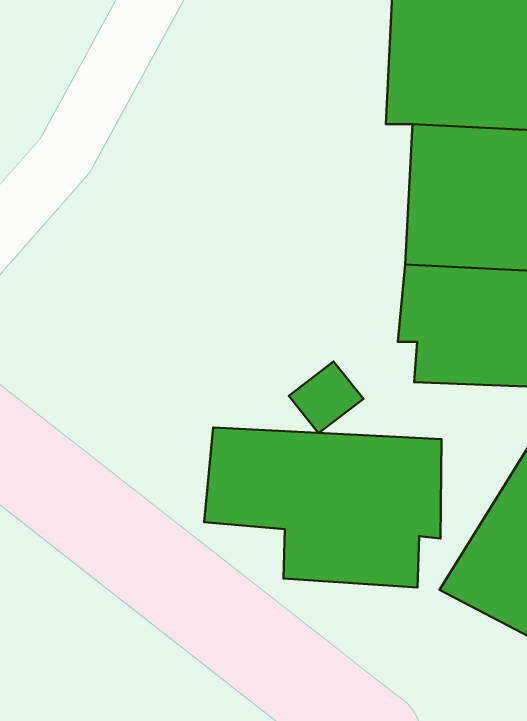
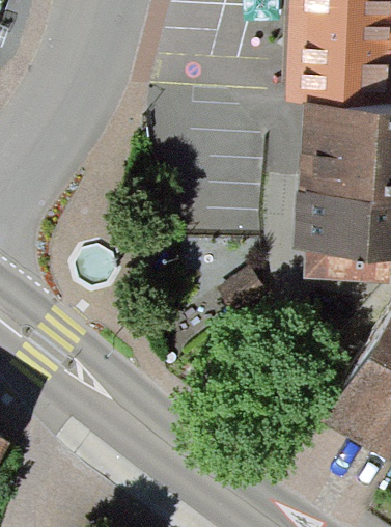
building: [204,428,442,587] -> none

